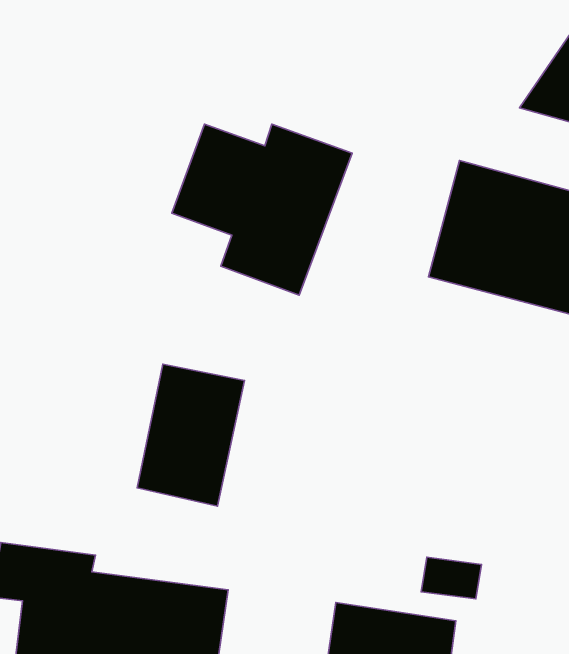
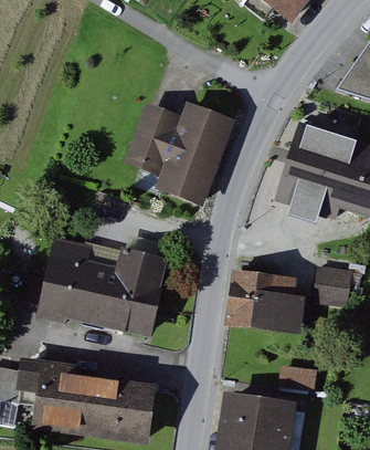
building: none -> [40,237,116,323]
building: none -> [310,263,351,307]
building: none -> [226,269,307,332]

